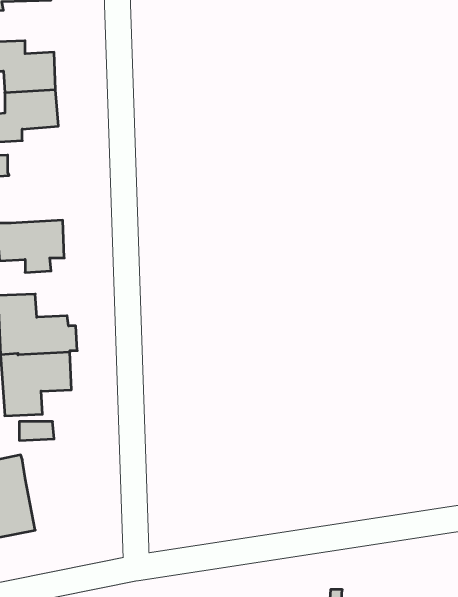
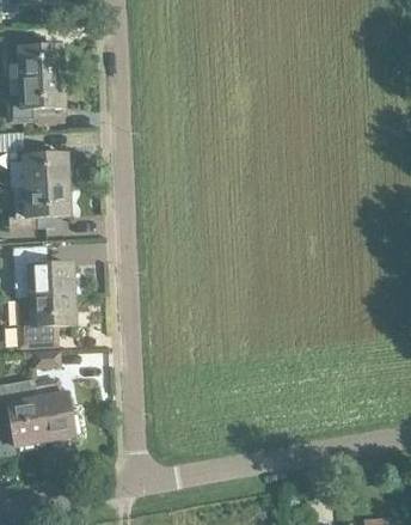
building: none -> [23,145,68,187]
building: none -> [35,378,75,440]

